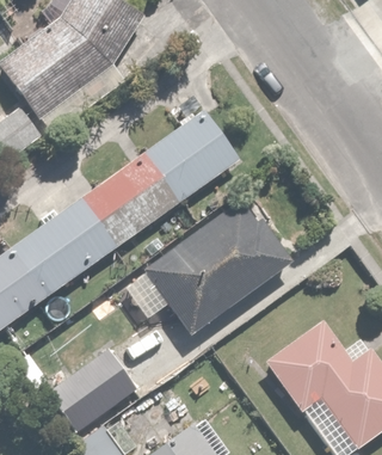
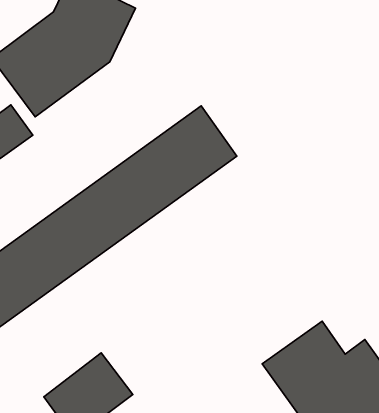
building: [118,195,292,334] -> none

